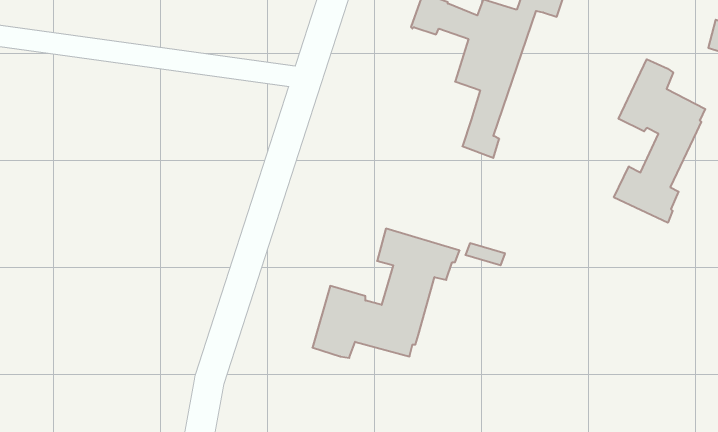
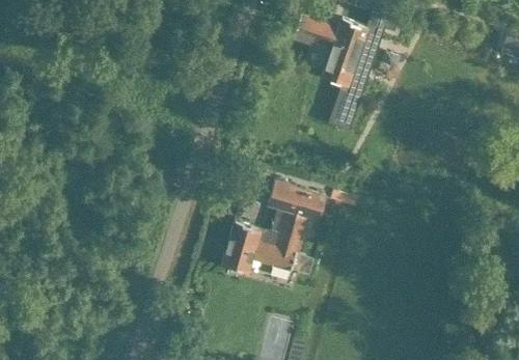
building: [614,59,705,223] -> none

